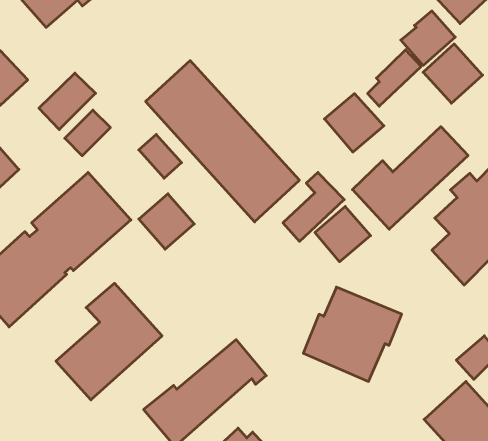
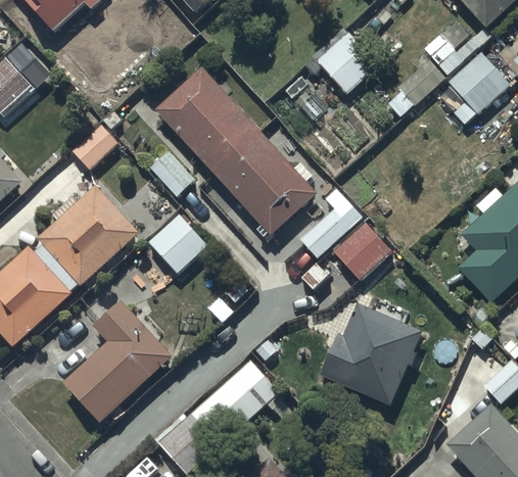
building: [39,73,96,130] -> none
building: [324,94,384,152] -> [316,31,378,92]
building: [352,127,468,229] -> none

